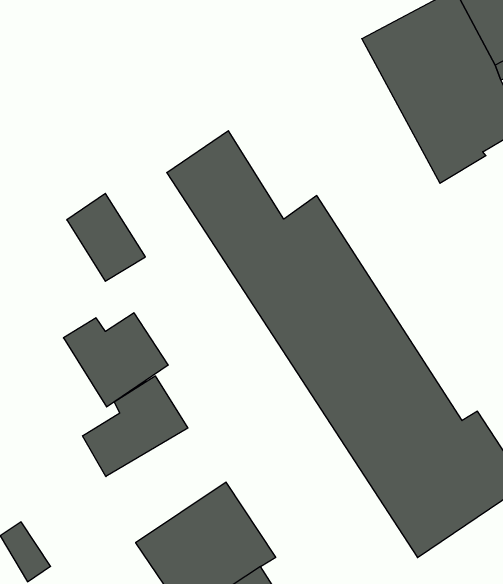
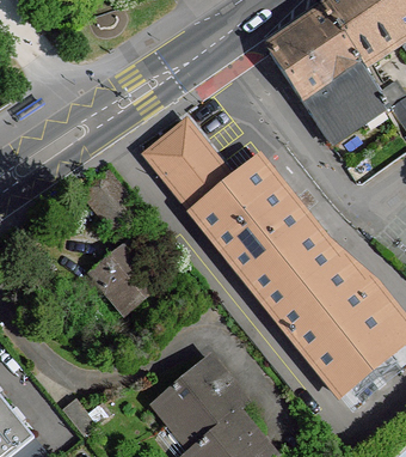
building: [83,376,188,477] -> none

